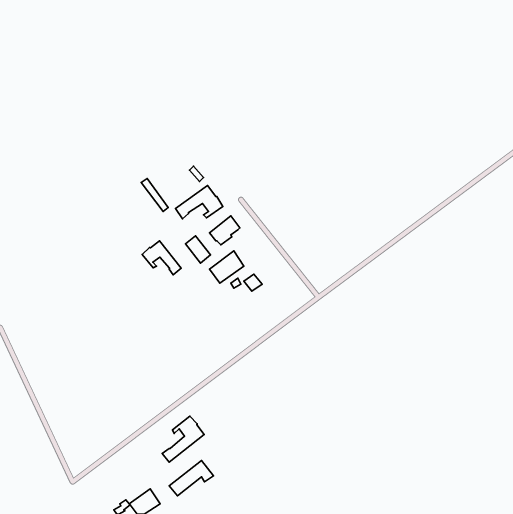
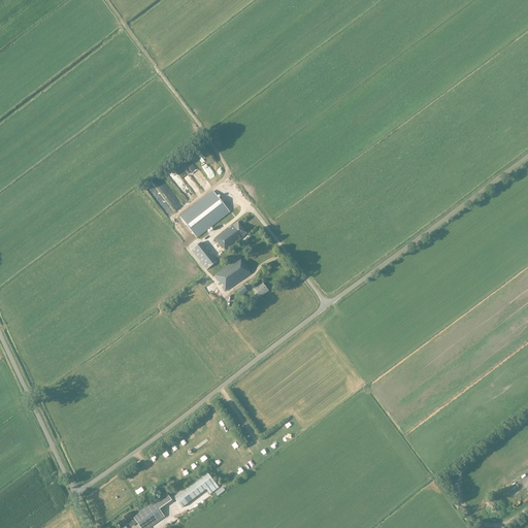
building: [142,241,181,275] -> none
building: [162,416,204,462] -> none

